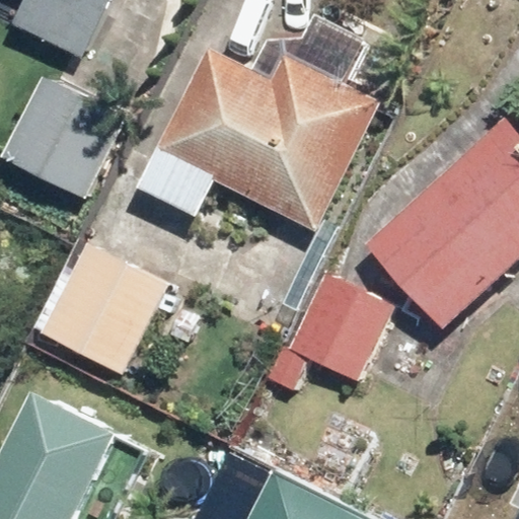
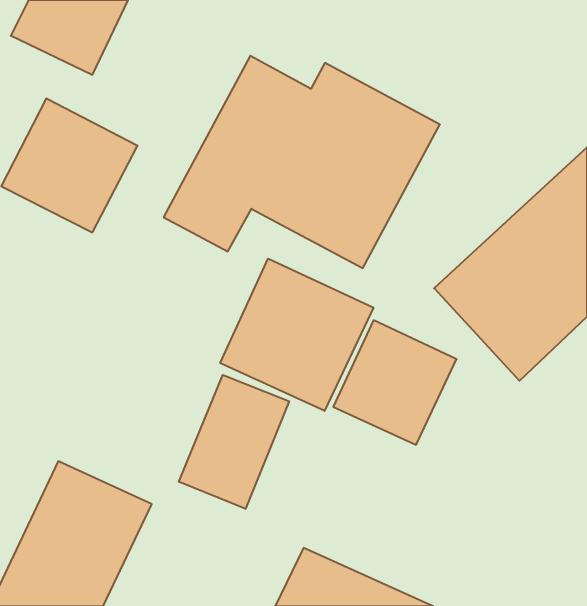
building: none -> [220,259,373,411]
building: [41,242,161,370] -> none
building: none -> [179,375,289,509]

